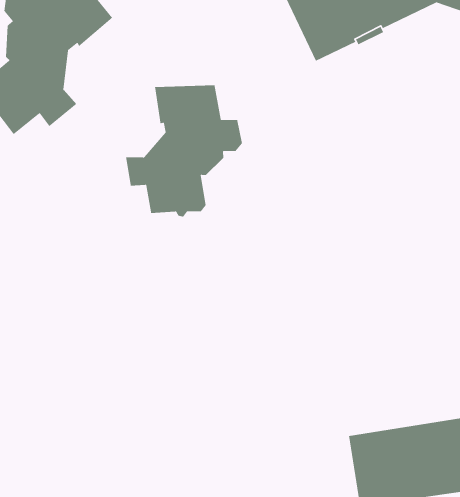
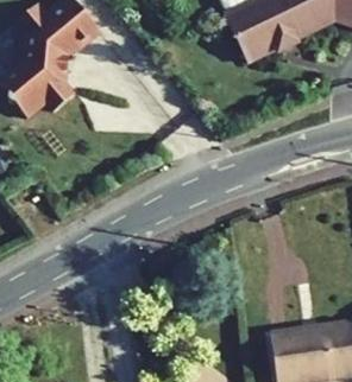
building: [125,84,243,218] -> none

